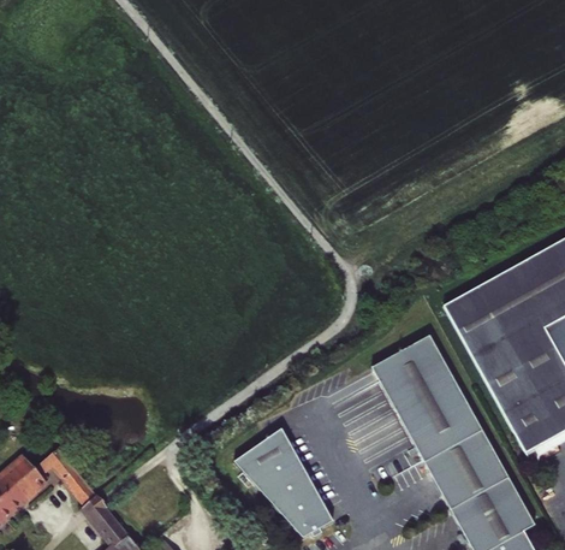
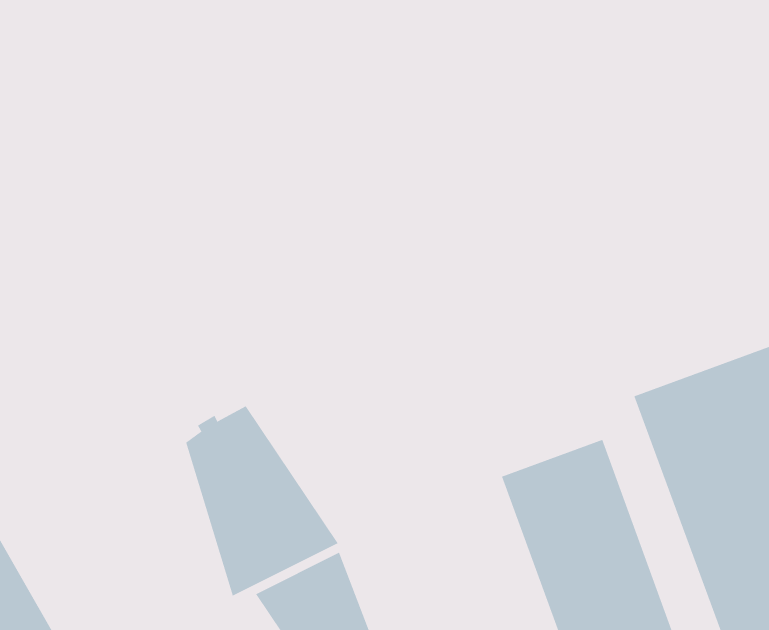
building: none -> [186,405,339,596]

